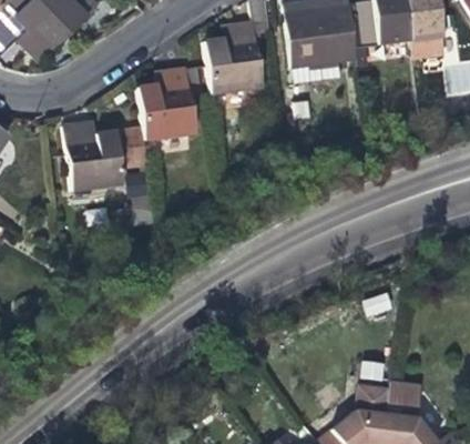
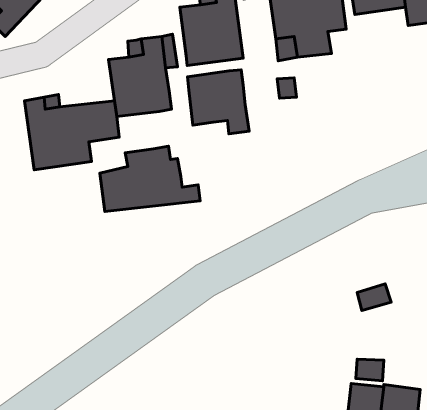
building: none -> [187,70,249,134]
building: none -> [100,146,200,212]

